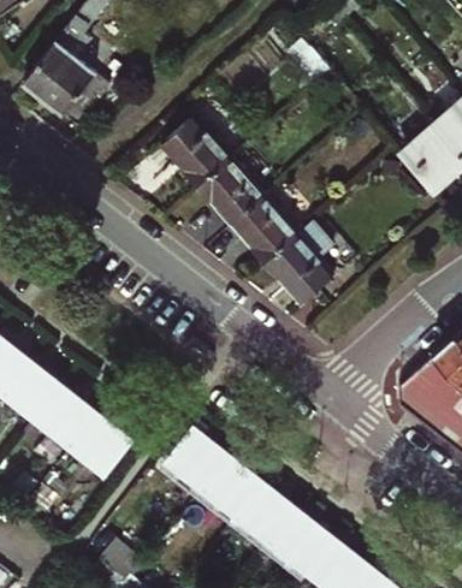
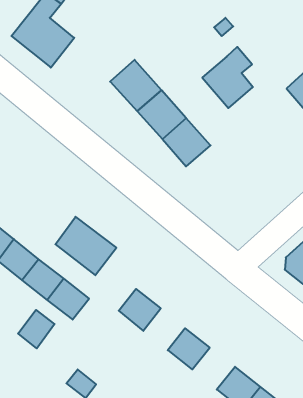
building: [263,219,333,303] -> [202,47,253,108]
building: none -> [55,217,116,275]
building: [205,456,262,513] -> none
building: none -> [18,310,55,348]
building: [272,510,331,568] -> none

